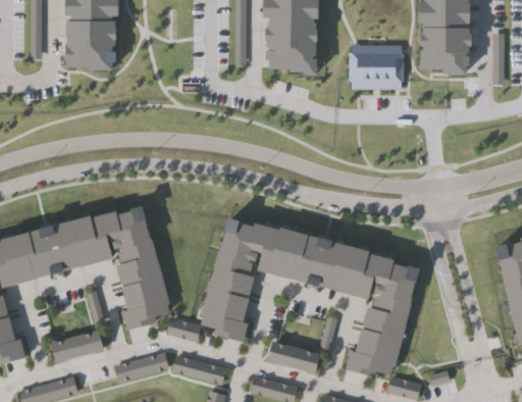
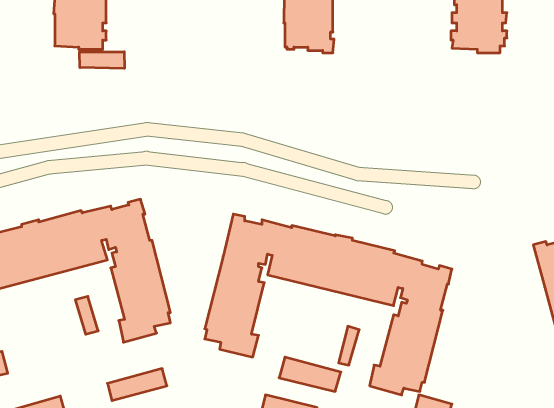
building: [349,46,404,90] -> none
building: none -> [80,52,124,68]
building: [166,318,201,342] -> none
building: [48,332,103,364] -> none
building: [171,356,225,385] -> none

